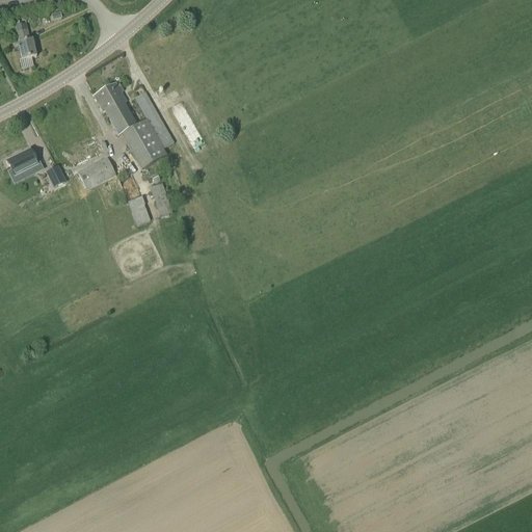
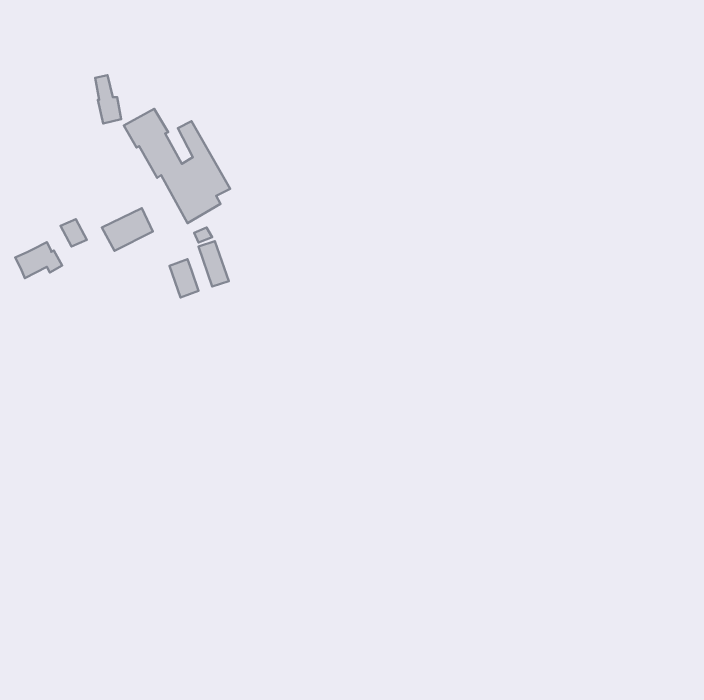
building: [16,22,35,58] -> [95,75,121,123]
building: [5,149,41,176] -> [15,242,62,278]

